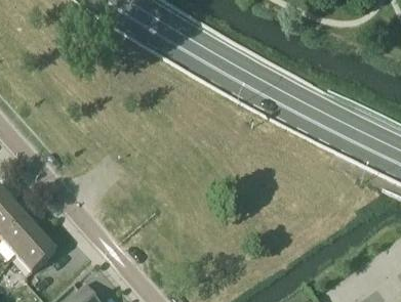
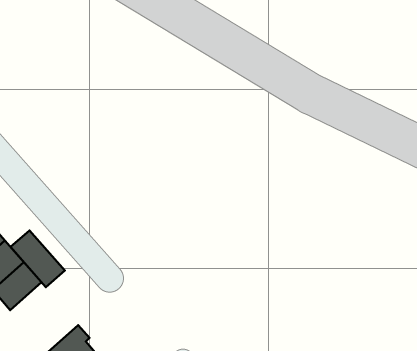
building: none -> [11,230,65,287]

